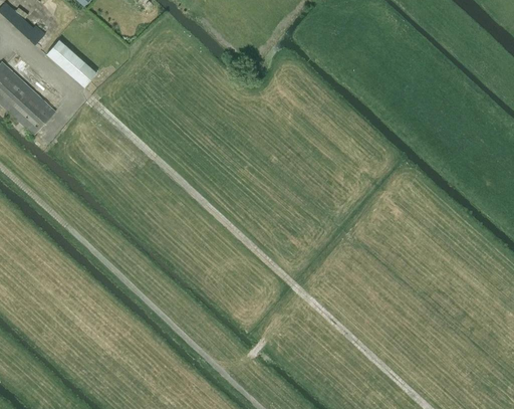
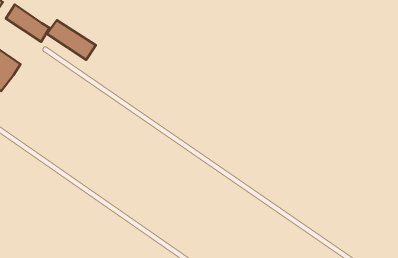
building: none -> [47,20,96,60]

